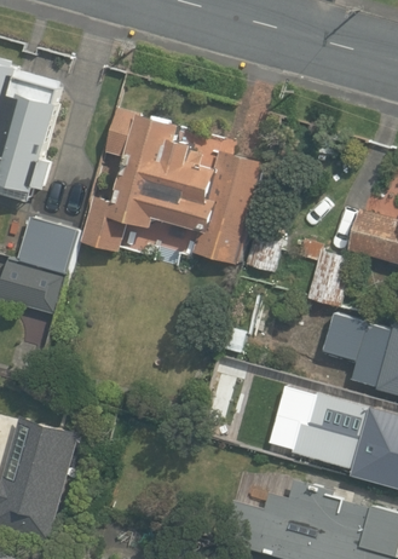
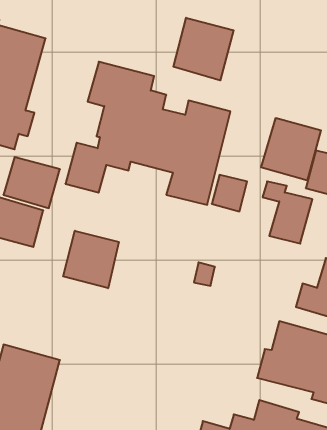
building: none -> [173,18,234,80]
building: none -> [261,118,321,180]
building: none -> [63,231,119,288]

